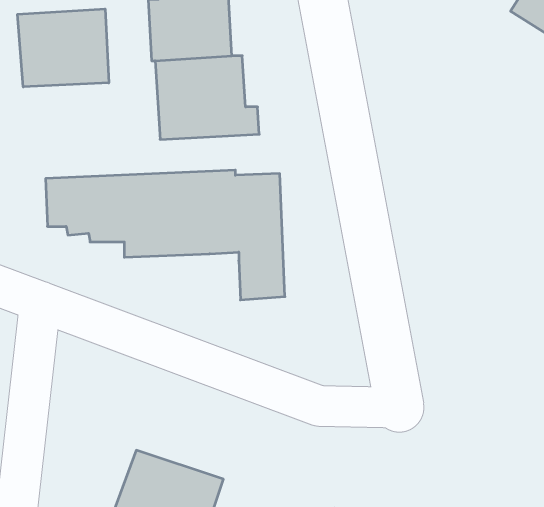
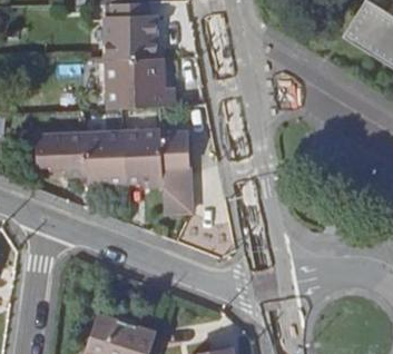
building: [18,9,109,87] -> none

